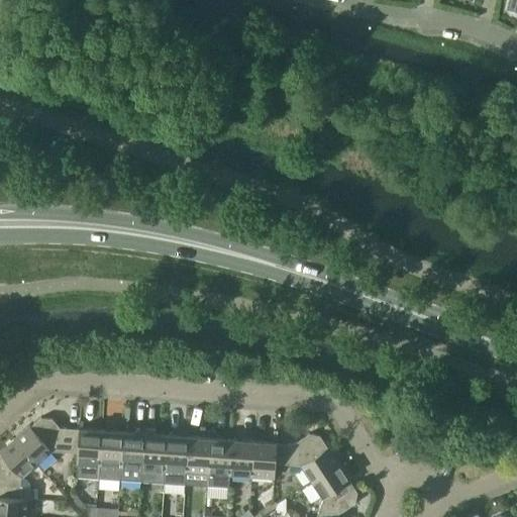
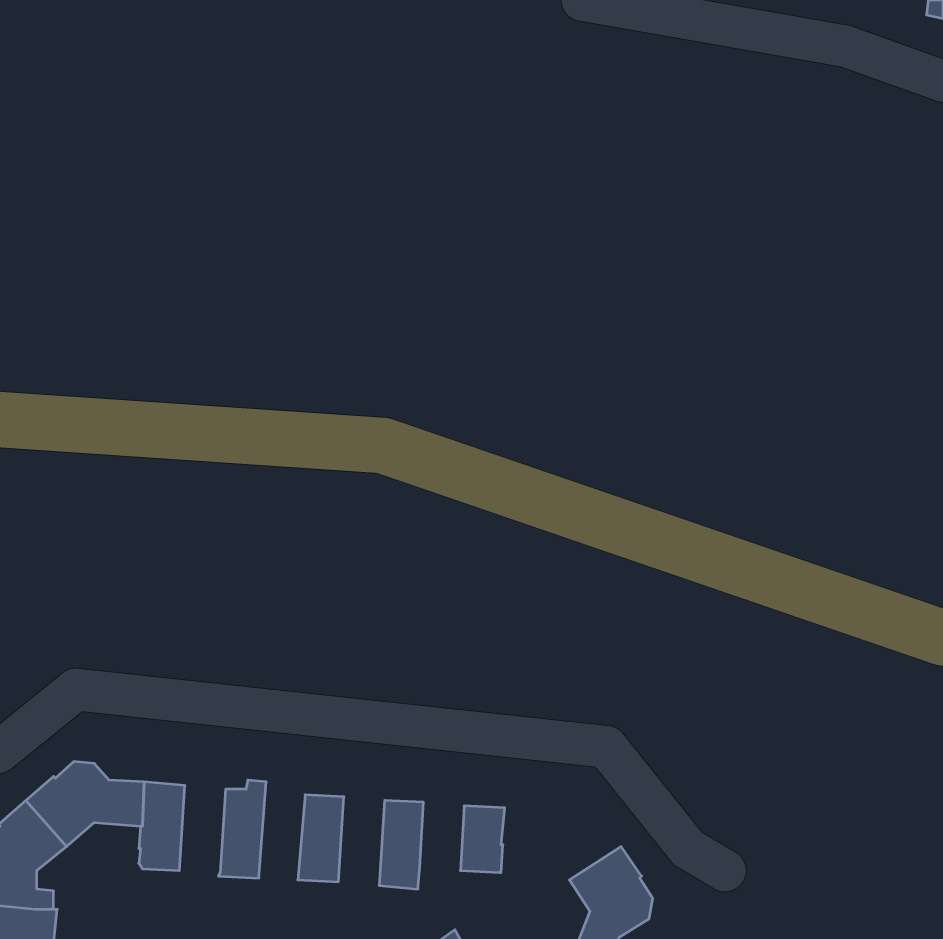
building: [141,430,167,484] -> none
building: [98,432,123,480] -> none
building: [274,435,339,484] -> none
building: [185,438,210,487] -> none
building: [229,441,253,479] -> none

